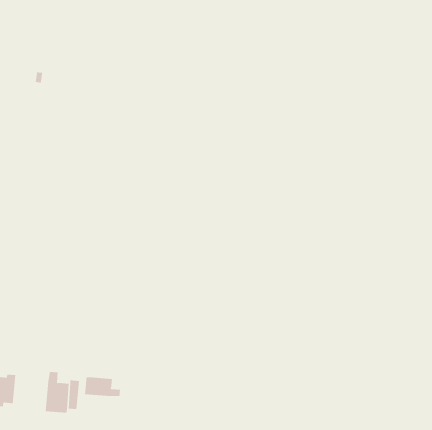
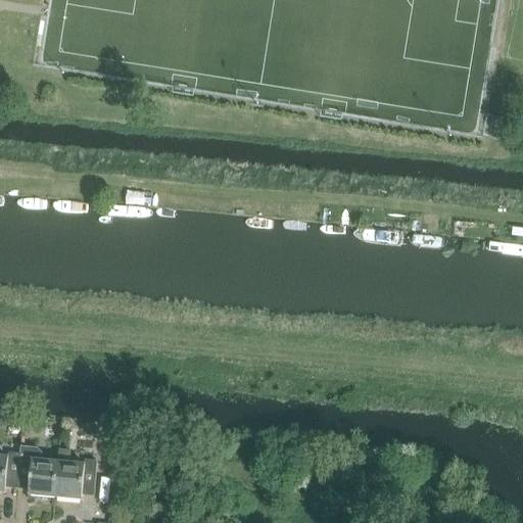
building: none -> [16,451,57,495]
building: [85,376,120,397] -> none

